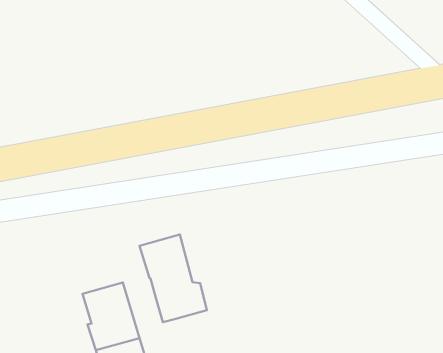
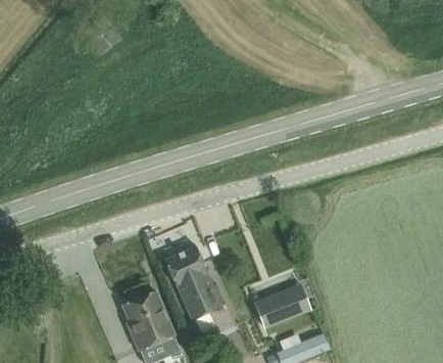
building: none -> [254,284,310,327]

